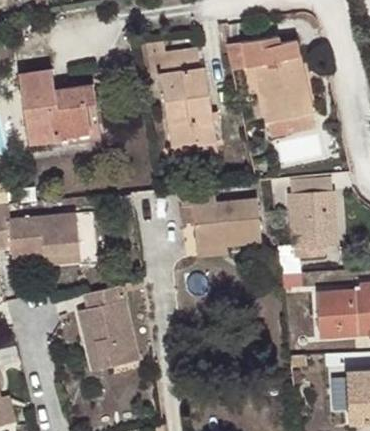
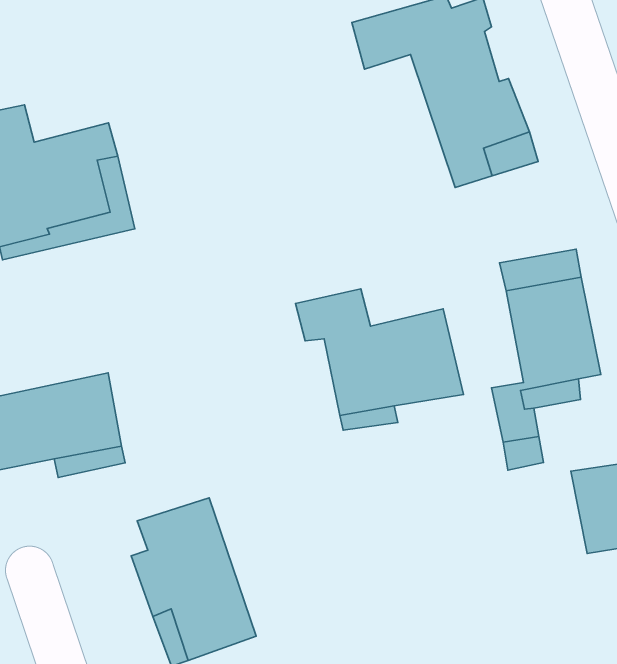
building: [146,41,216,157] -> none

